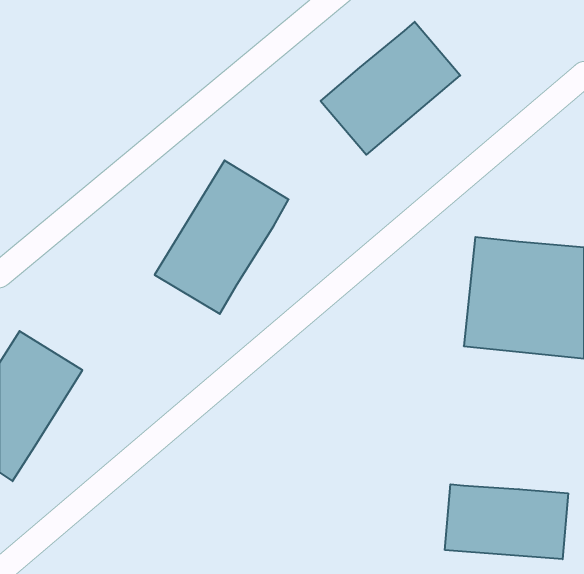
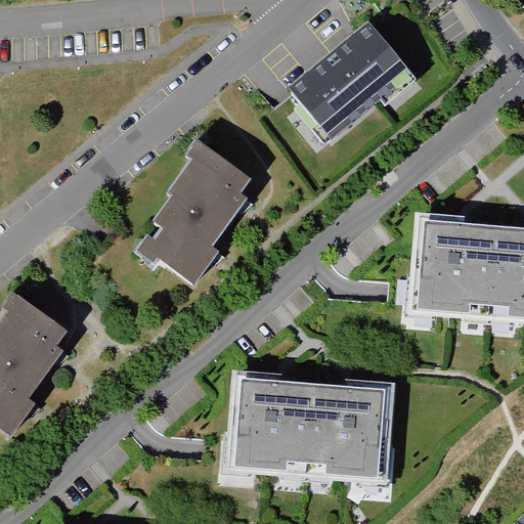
building: none -> [232,376,391,484]
building: [445,484,568,559] -> none

